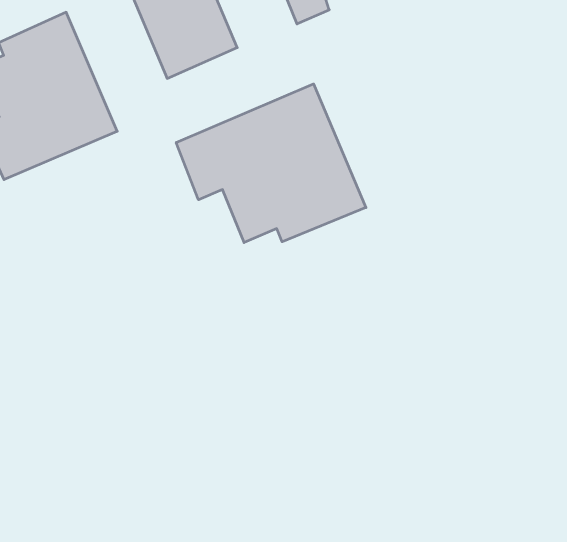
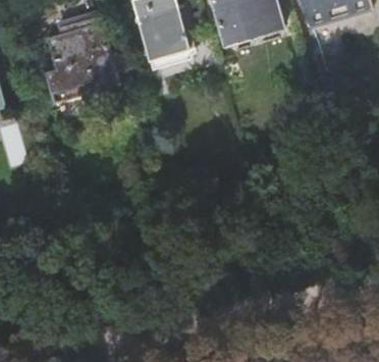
building: [176,84,366,243] -> none

